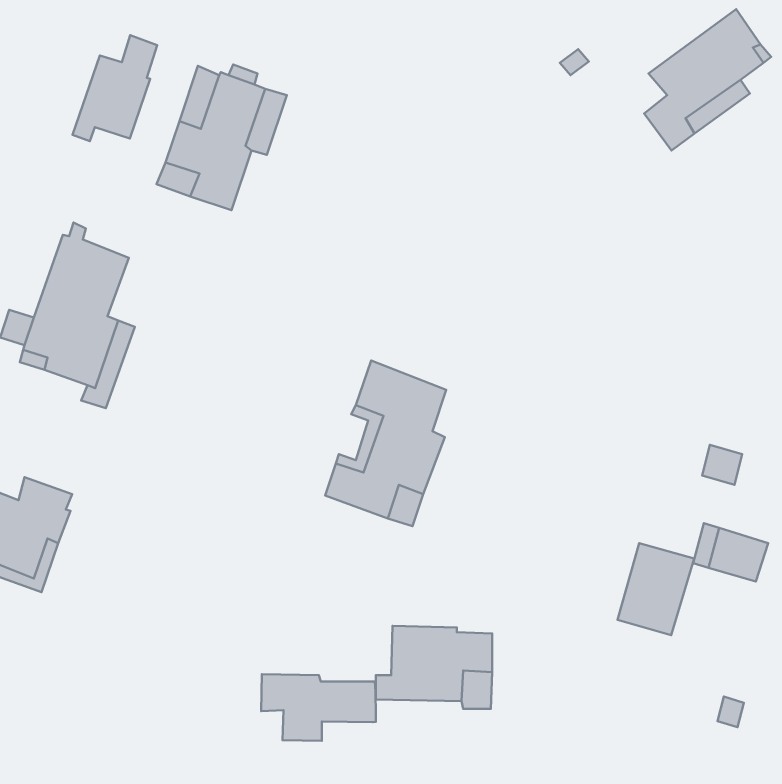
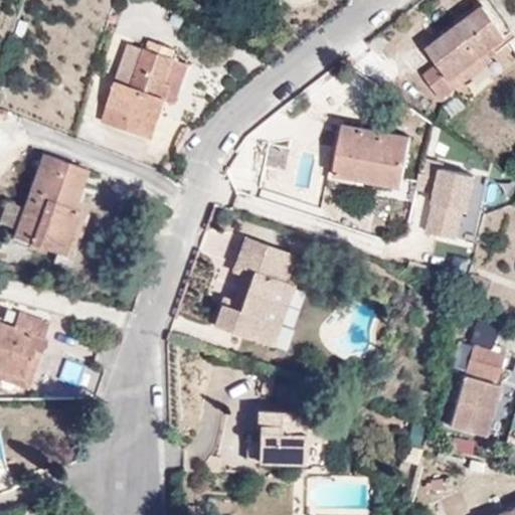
building: [73,35,157,141] -> none
building: none -> [335,125,410,184]
building: none -> [423,172,485,243]
building: [618,543,694,635] -> [449,377,499,438]
building: [261,674,376,741] -> none

